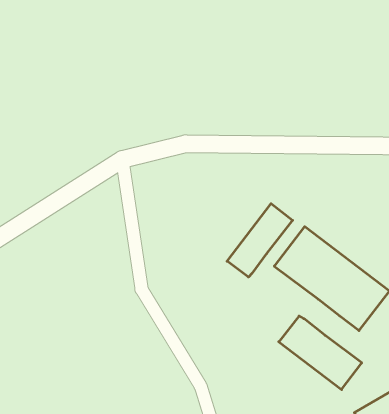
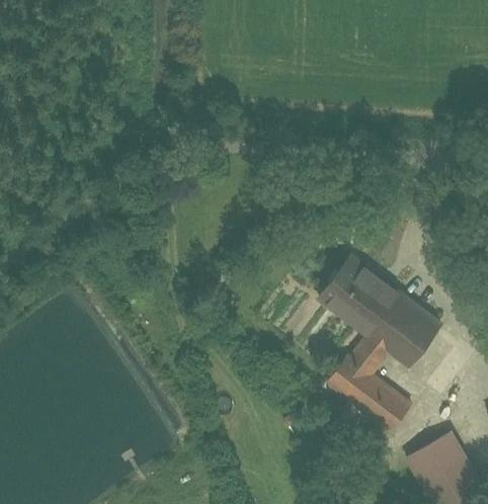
building: [227,204,293,277] -> none
building: none -> [350,335,390,374]

